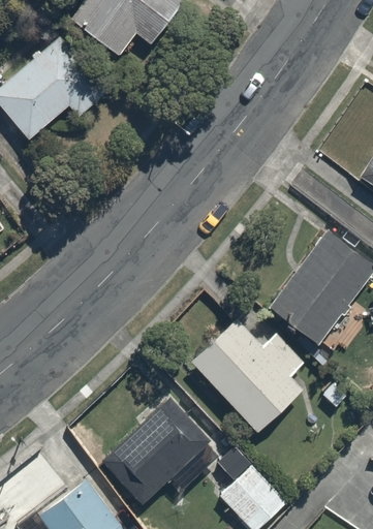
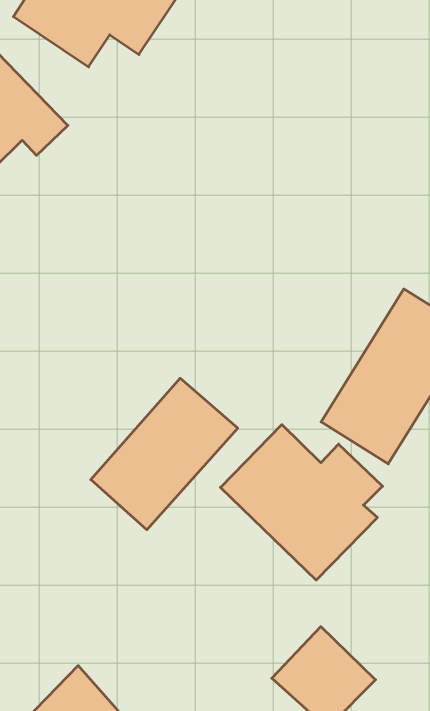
building: [101,395,208,500] -> [91,378,238,530]

